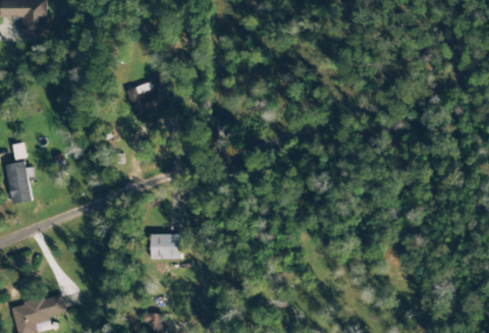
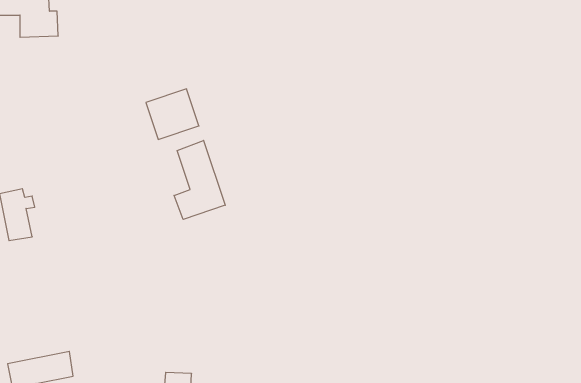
building: none -> [174,140,225,219]
building: [150,234,181,260] -> none

